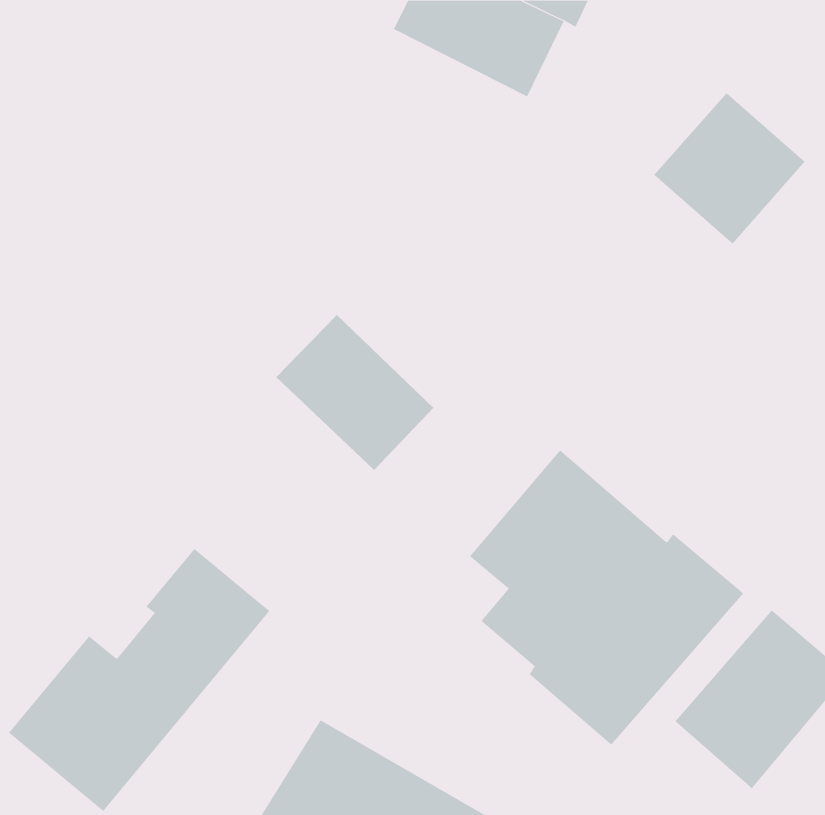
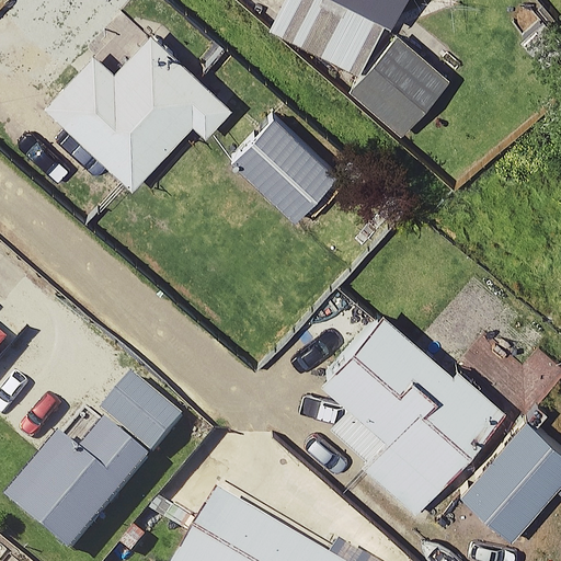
building: none -> [42,30,231,190]
building: [654,92,806,244] -> [347,35,450,138]
building: [275,314,434,471] -> [230,115,337,221]

